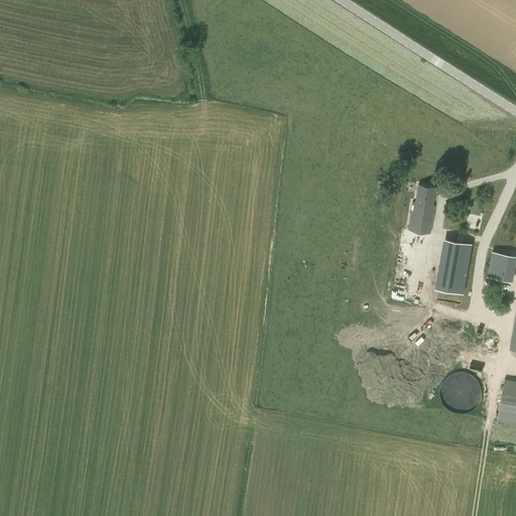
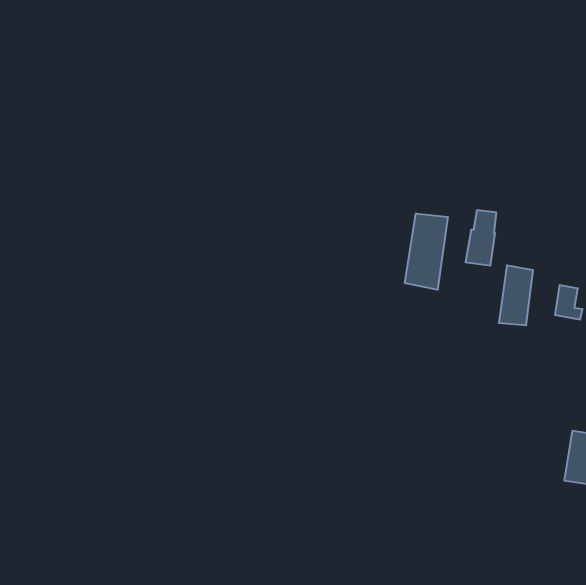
building: none -> [405,213,448,290]
building: [440,371,482,413] -> none

